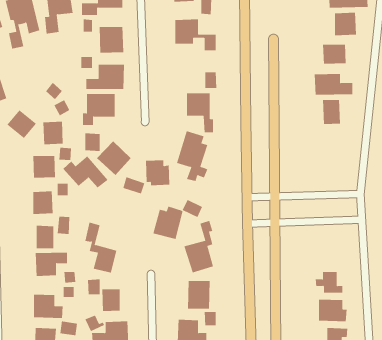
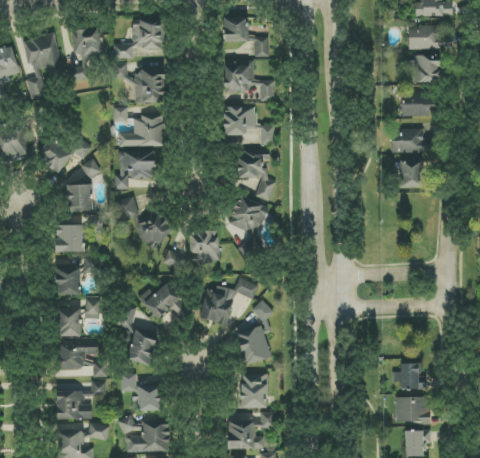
building: none -> [223,105,256,144]
building: [6,110,37,139] -> [36,137,72,172]
building: [62,156,109,188] -> [138,282,193,321]

